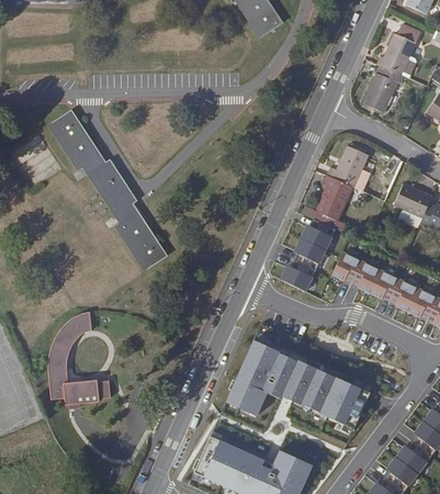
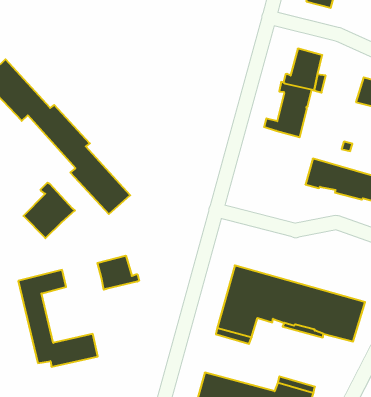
building: [281,218,336,291] -> none
building: none -> [23,183,75,238]
building: none -> [97,256,139,290]

